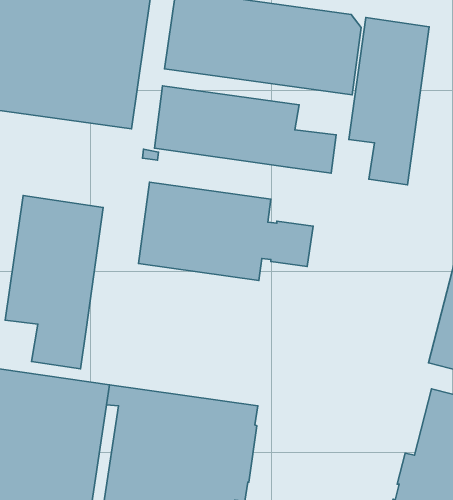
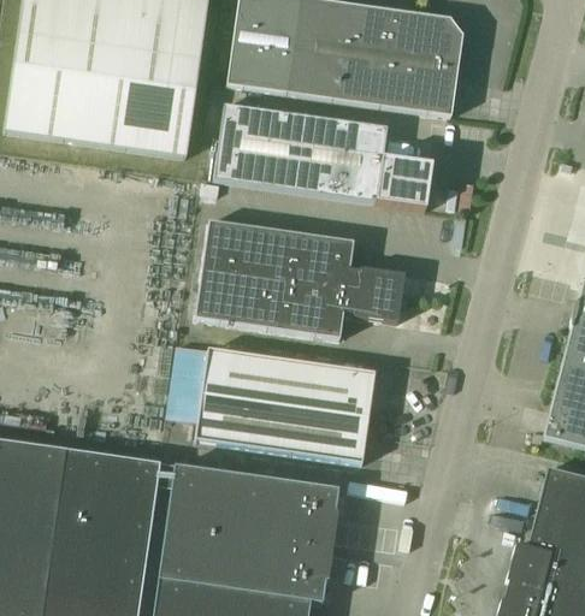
building: [349,18,429,185] -> none
building: [5,195,103,369] -> none
building: none -> [170,343,376,462]

